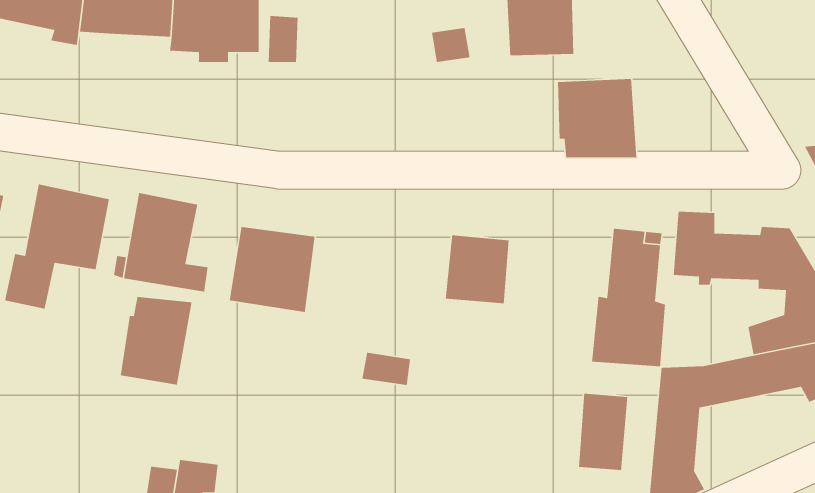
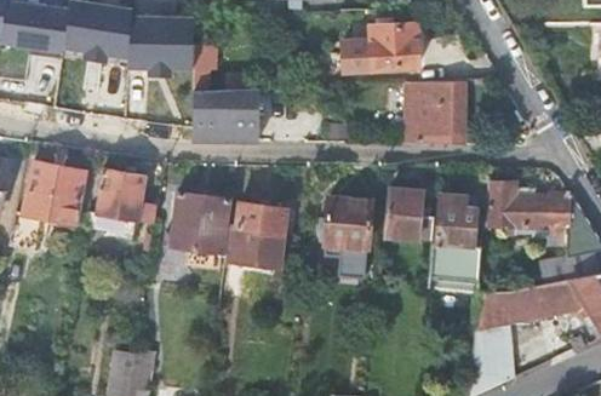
building: none -> [194,87,259,139]
building: none -> [388,188,436,239]
building: none -> [227,201,288,266]
building: [120,296,193,385] -> none
building: [578,393,628,471] -> none

